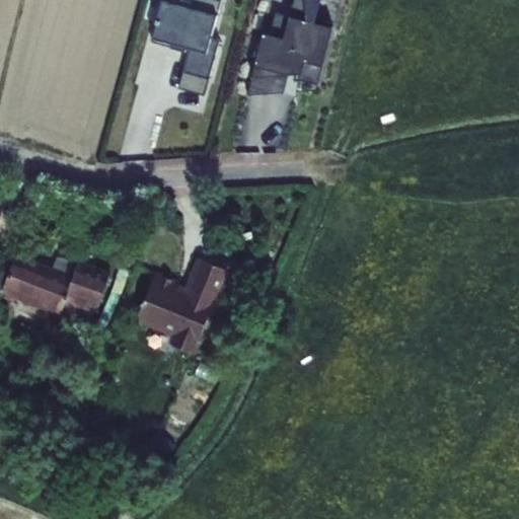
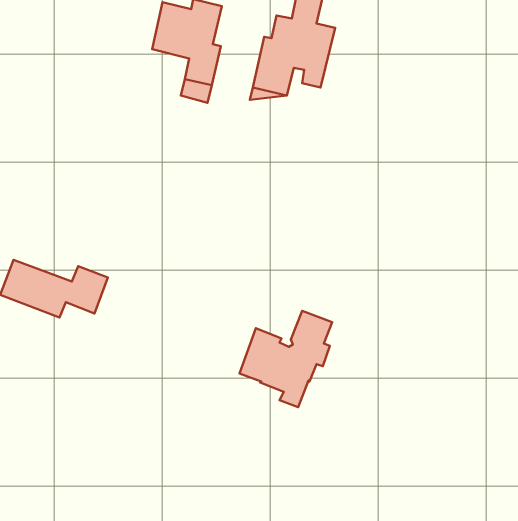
building: [137,256,228,352] -> [240,311,332,407]

